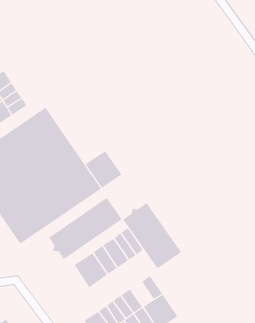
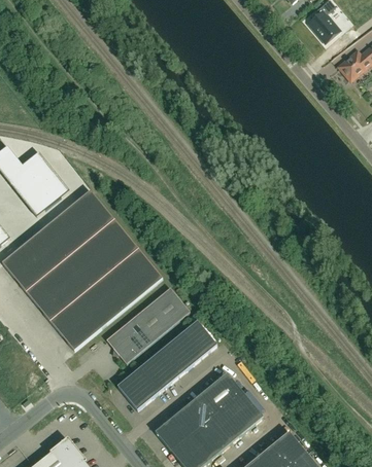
building: [85,150,122,189] -> none
building: [122,202,182,269] -> none
building: none -> [117,368,158,409]
building: none -> [205,381,233,409]

